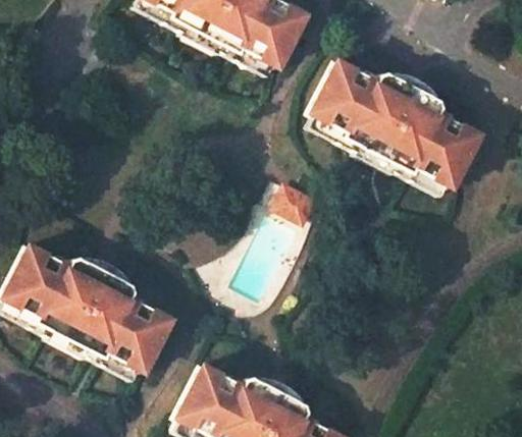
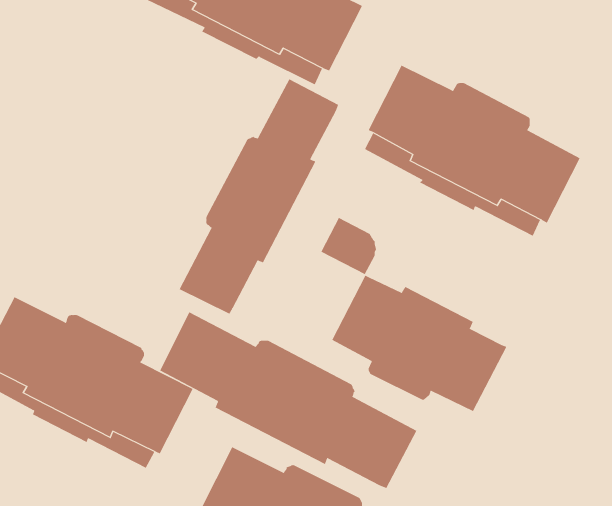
building: none -> [179,78,339,315]
building: none -> [331,275,507,412]
building: none -> [160,312,417,489]

